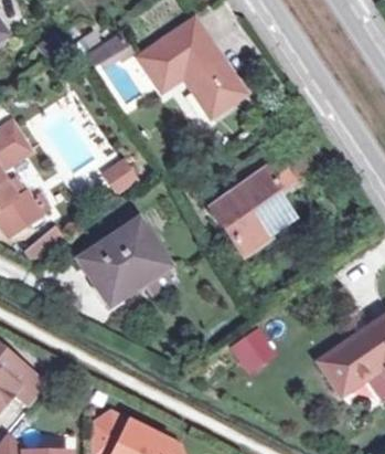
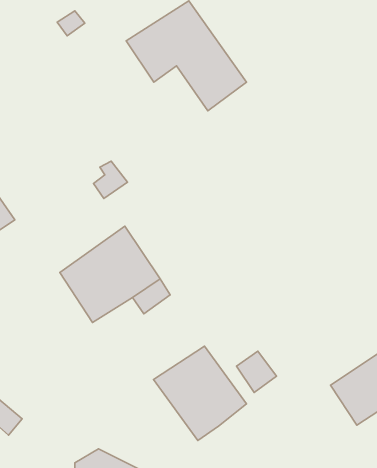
building: [212,147,293,254] -> none
building: none -> [153,346,247,441]

